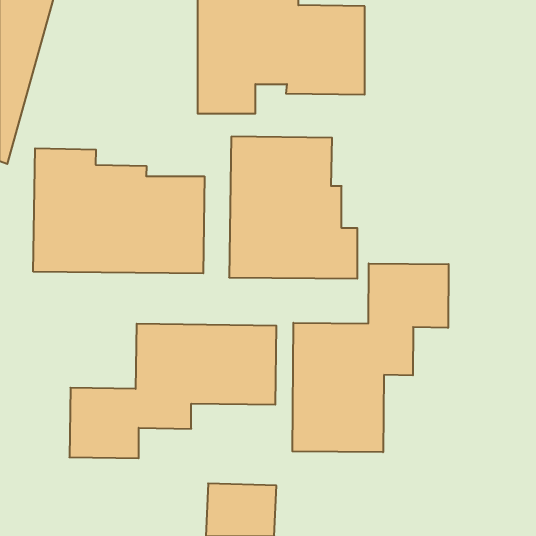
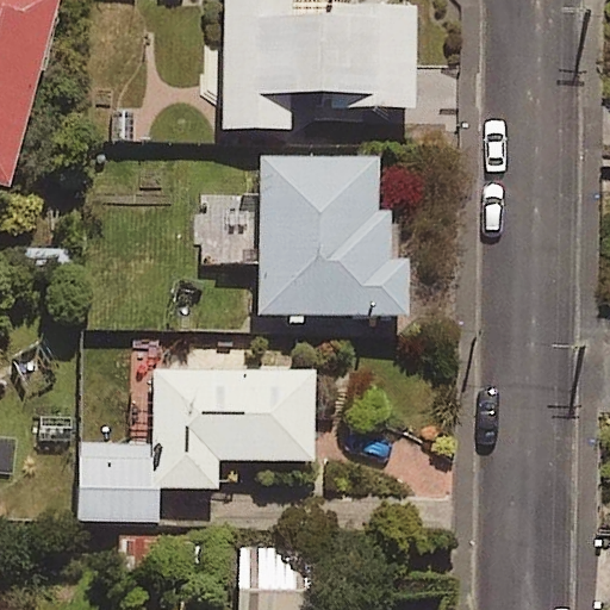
building: [33,148,204,273] -> none
building: [292,263,449,452] -> none

